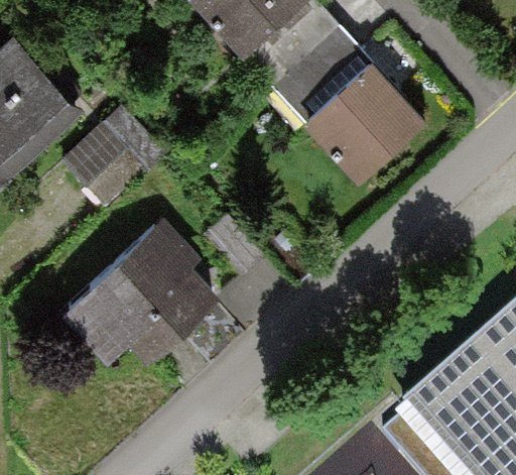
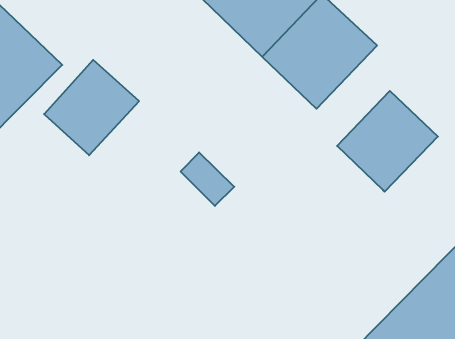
building: none -> [337,91,438,192]
building: [58,214,221,362] -> none

